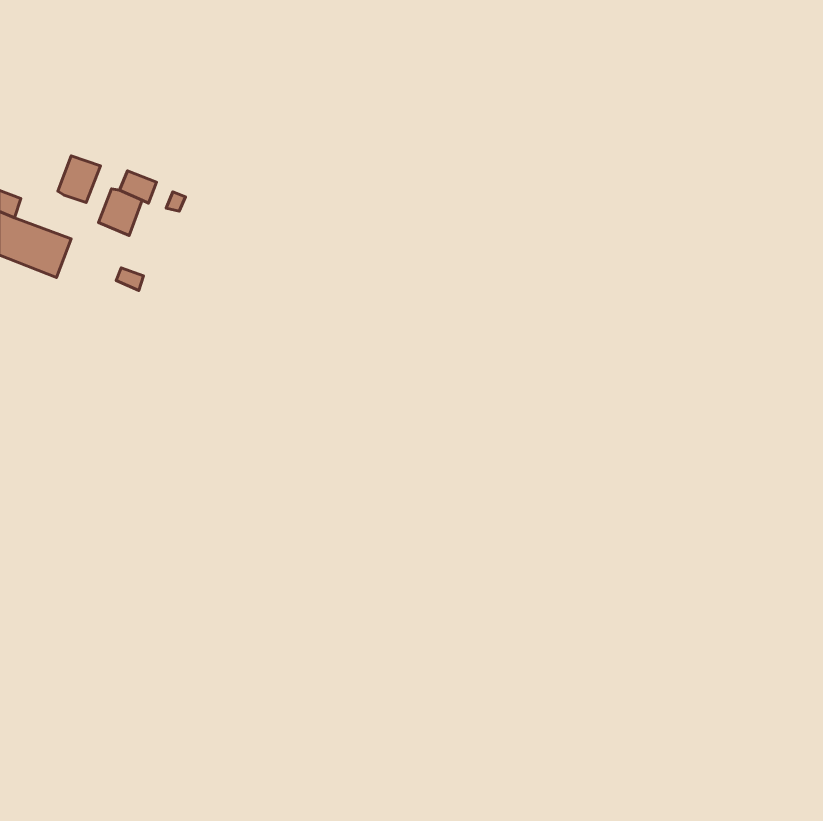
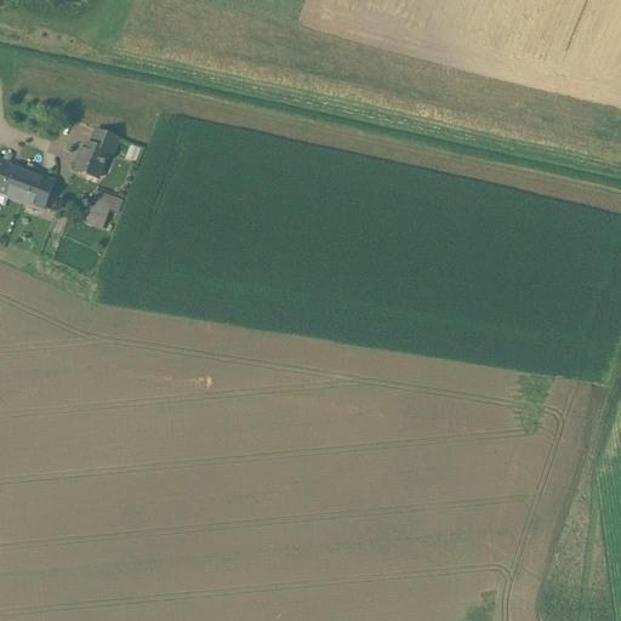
building: [58,156,101,202] -> none

